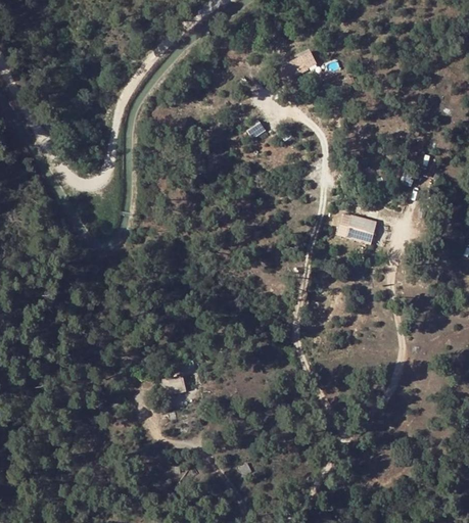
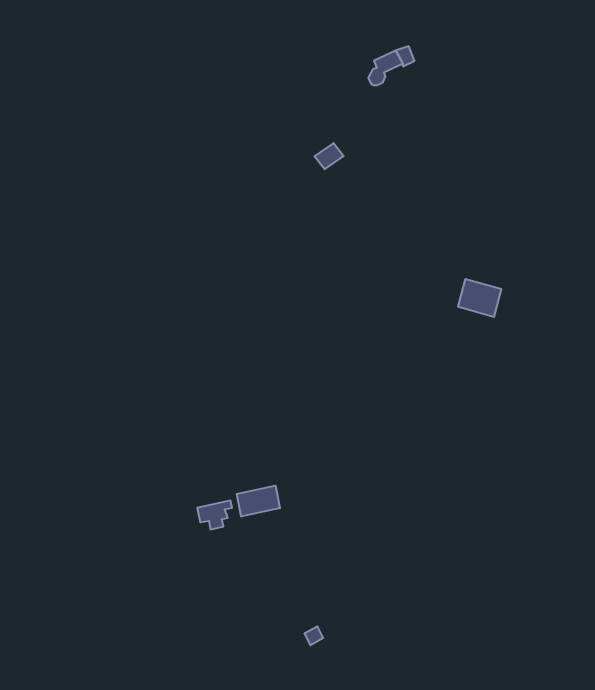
building: none -> [237,486,280,517]

